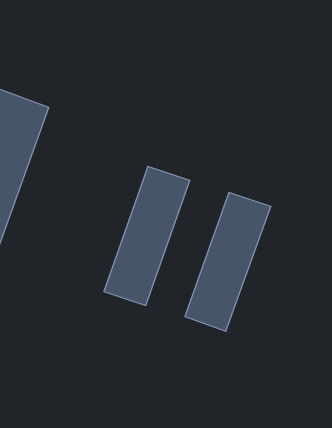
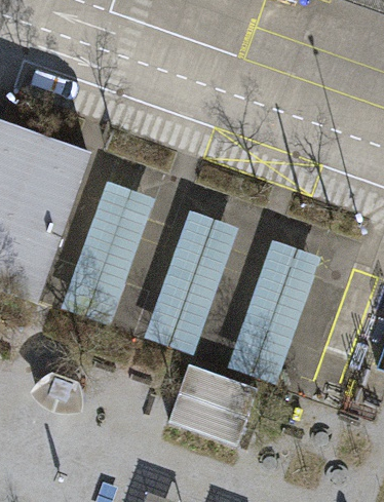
building: none -> [65,180,153,322]
building: none -> [168,361,257,442]

